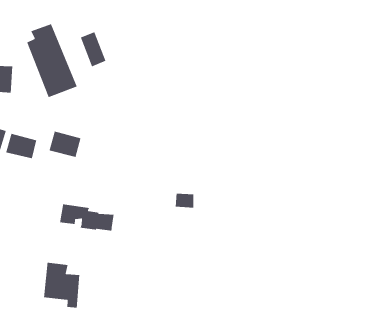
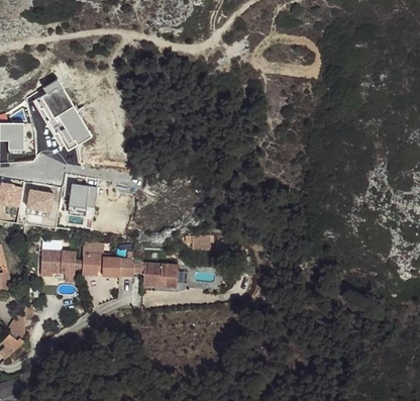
building: [80,31,107,67] -> none
building: none -> [133,264,177,289]
building: [43,262,80,308] -> [41,239,76,283]

